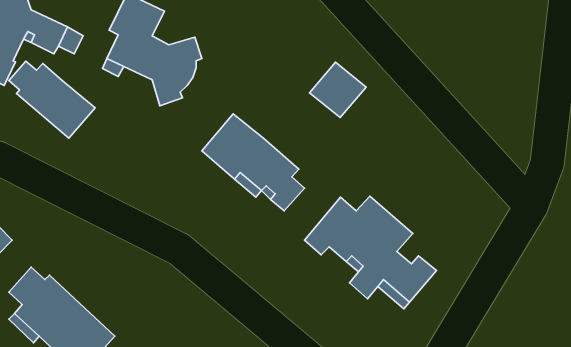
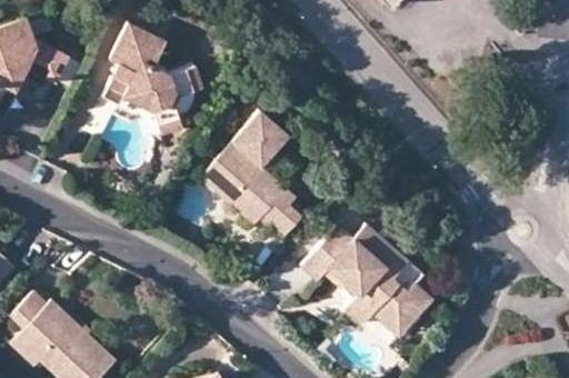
building: [9,61,95,138] -> none
building: [310,62,366,118] -> [232,111,288,166]

